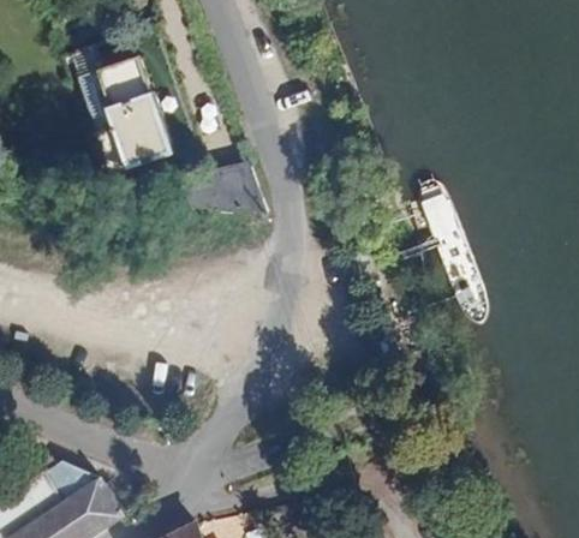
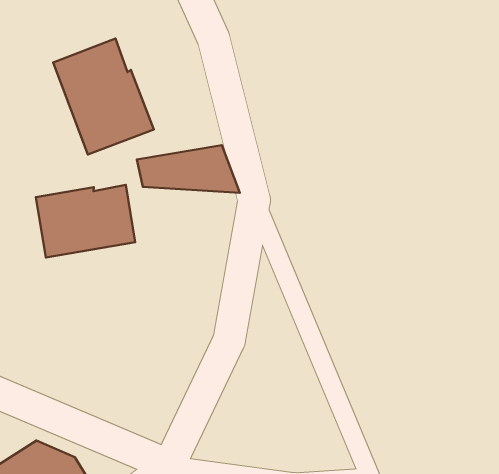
building: none -> [36,185,135,257]

